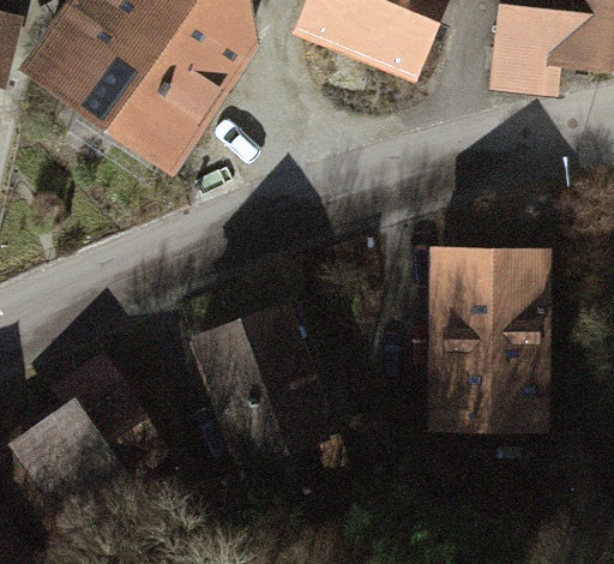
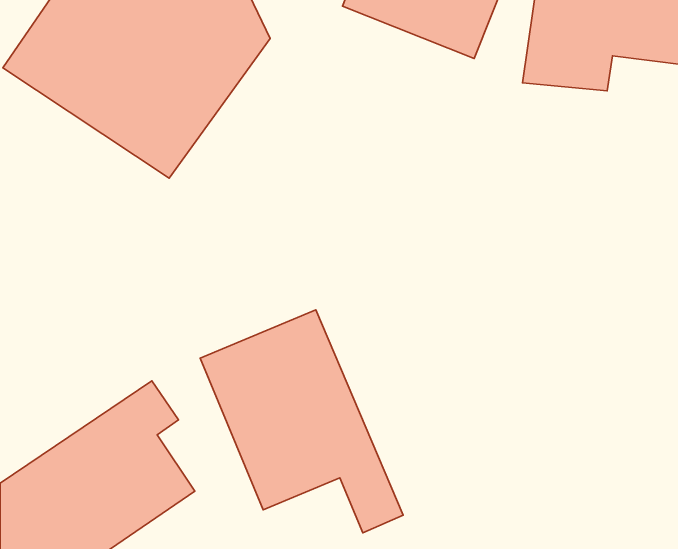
building: [427,241,556,432] -> none

